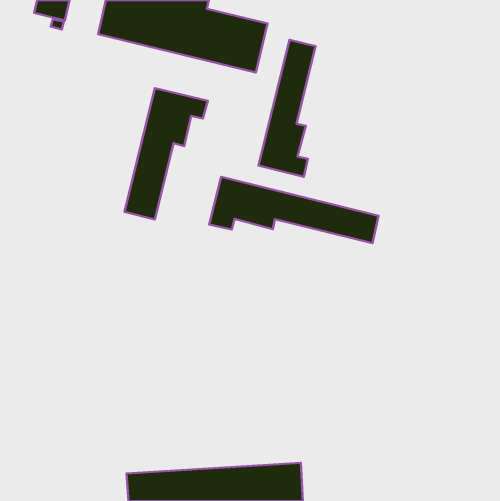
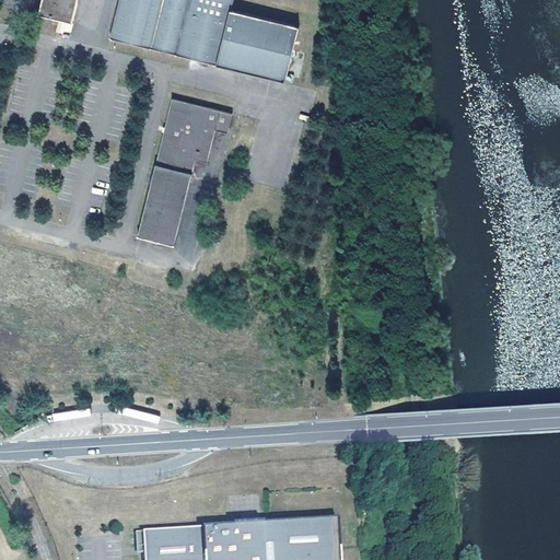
building: [259,40,316,177] -> none
building: [209,177,379,243] -> none

